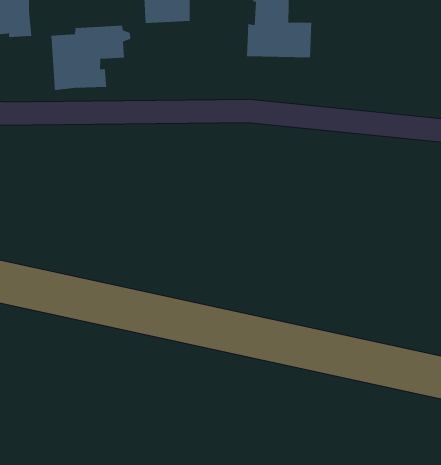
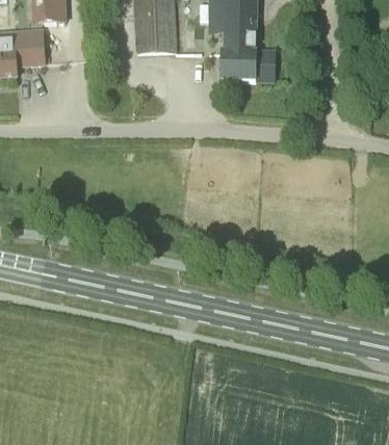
building: [51,25,131,91] -> none

